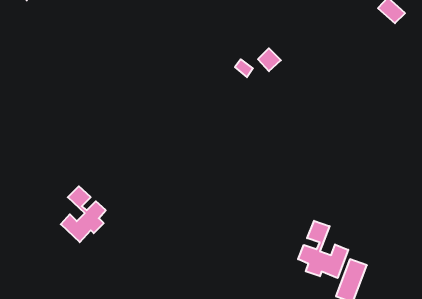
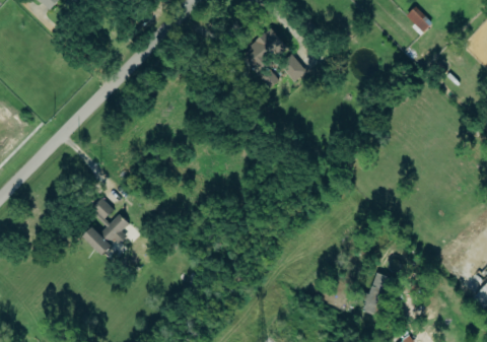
building: none -> [241,29,287,72]
building: [298,221,348,278] -> none

